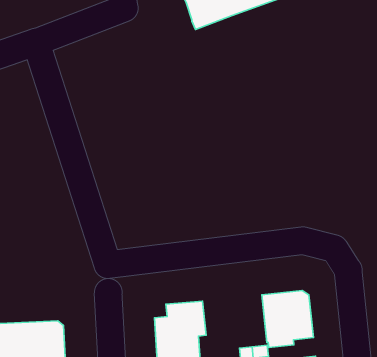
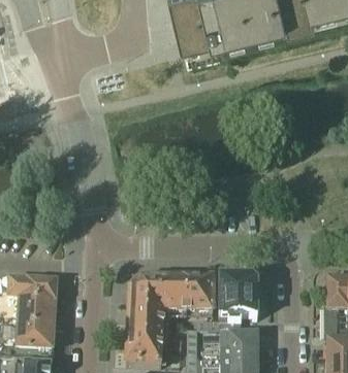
building: none -> [171,281,214,315]

